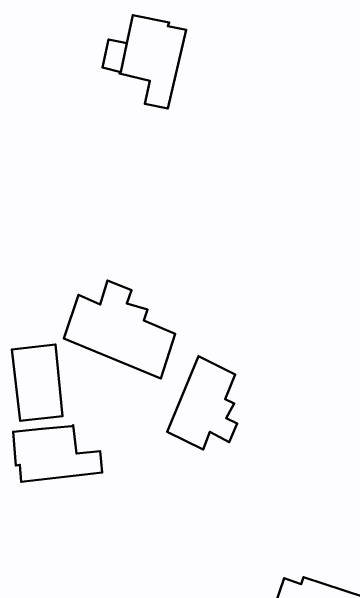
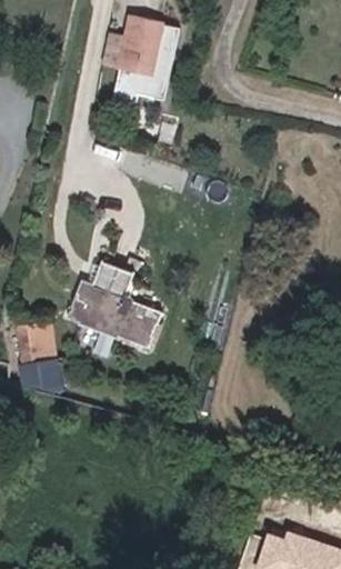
building: [167,356,237,449] -> none
building: [13,425,102,482] -> none

